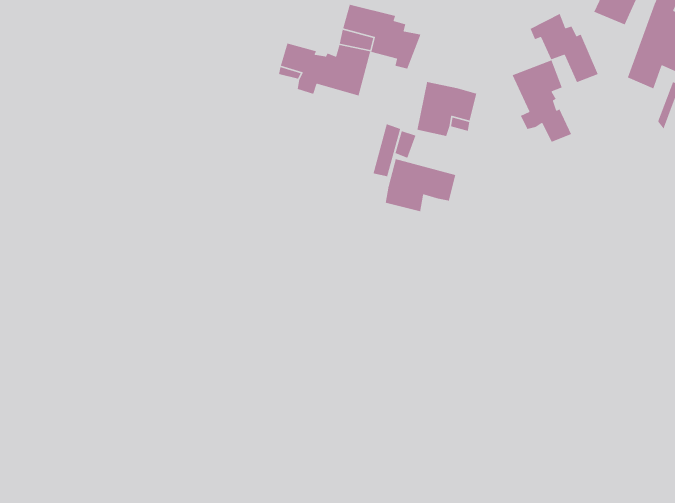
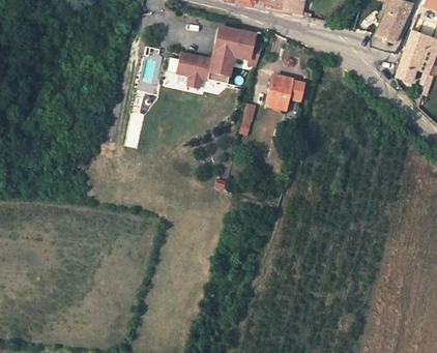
building: [512,13,599,143] -> none
building: [385,158,456,212] -> none

